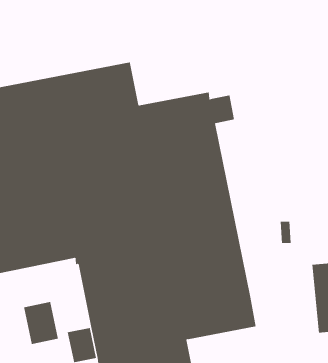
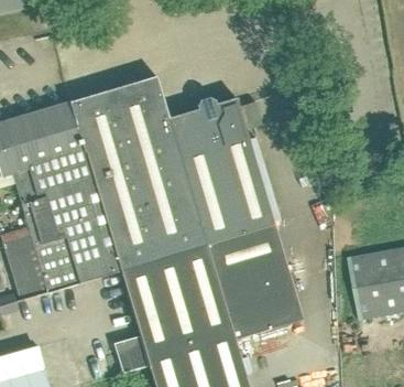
building: [23,301,59,345] -> none

